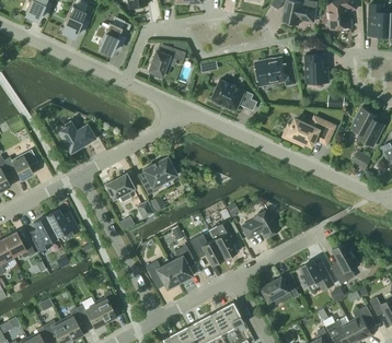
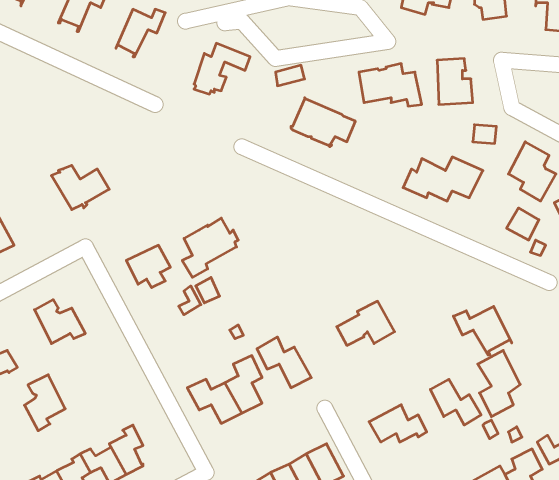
building: none -> [453,306,512,355]
building: [31,215,57,251] -> [24,375,65,431]
building: [210,220,237,259] -> none

